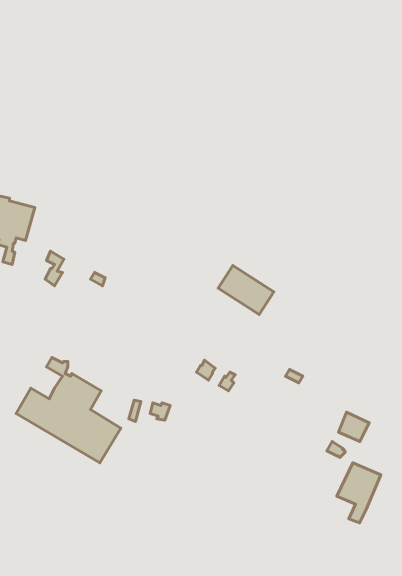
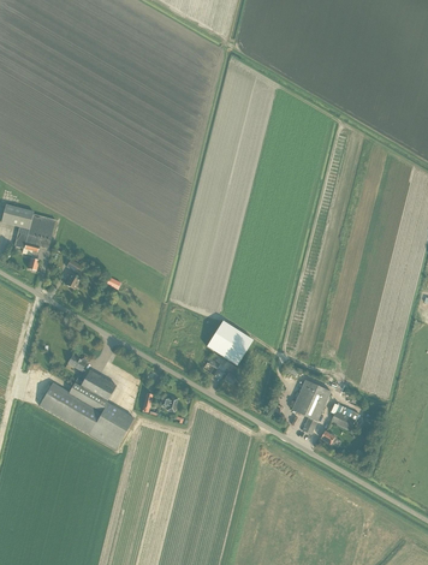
building: [218,265,274,315] -> [198,319,249,363]
building: [337,463,381,523] -> [291,379,331,433]

